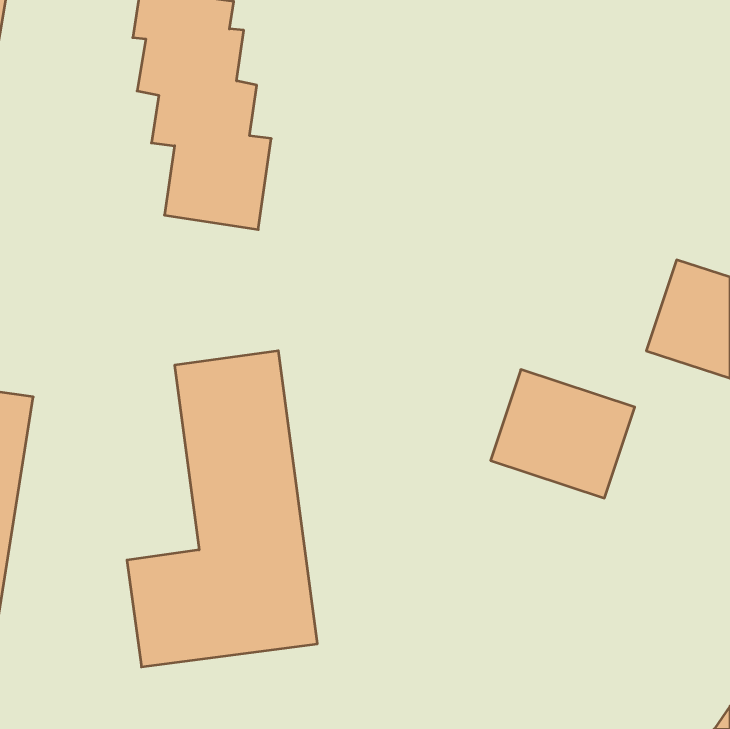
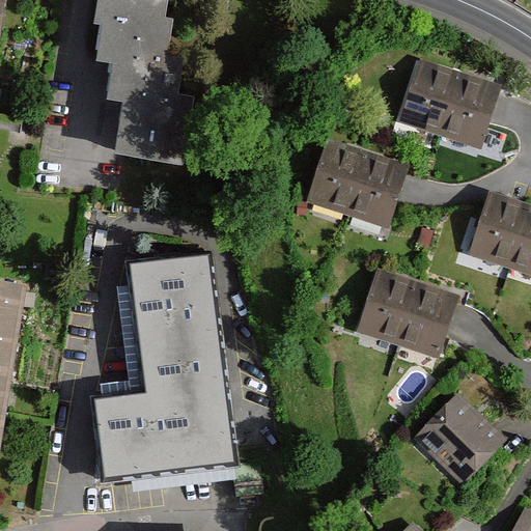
building: none -> [396,55,500,147]
building: none -> [308,136,412,228]
building: none -> [414,393,508,487]

